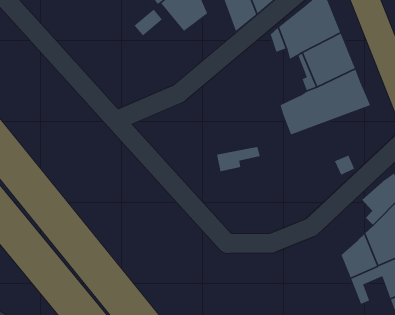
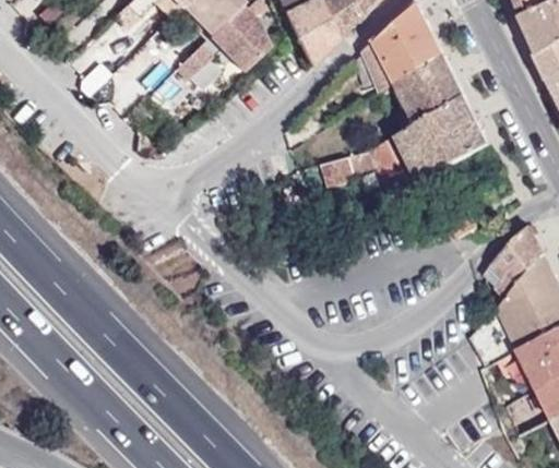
building: [216,146,261,172] -> [322,153,380,191]

